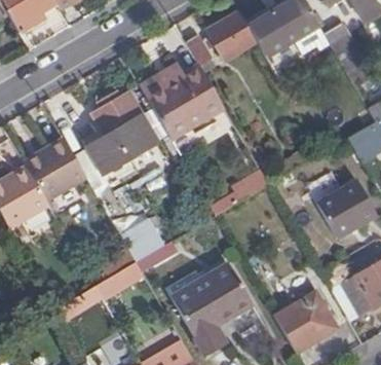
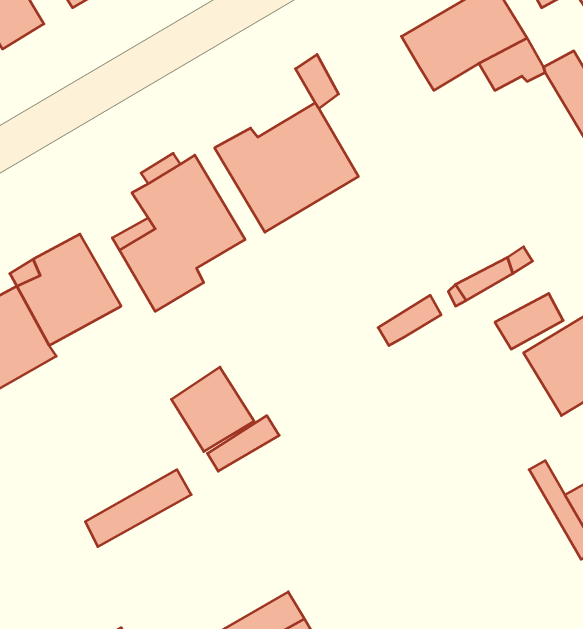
building: [207,10,258,60] -> none
building: [165,266,253,358] -> none
building: [274,290,338,352] -> none

